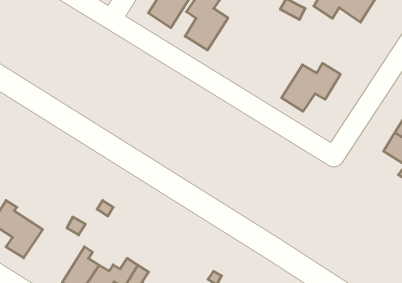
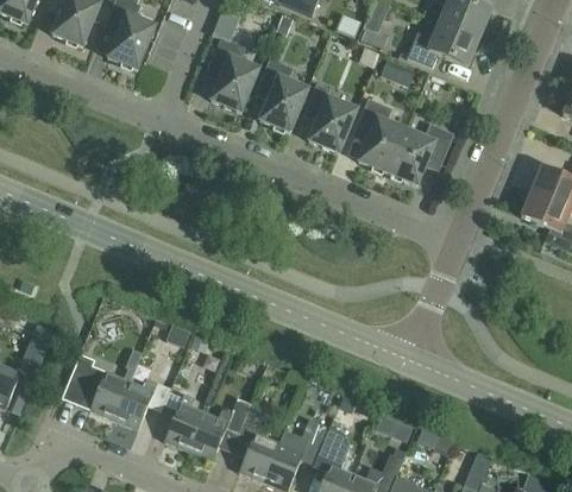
building: none -> [306,82,357,152]
building: none -> [354,97,406,172]
building: none -> [113,377,157,429]

